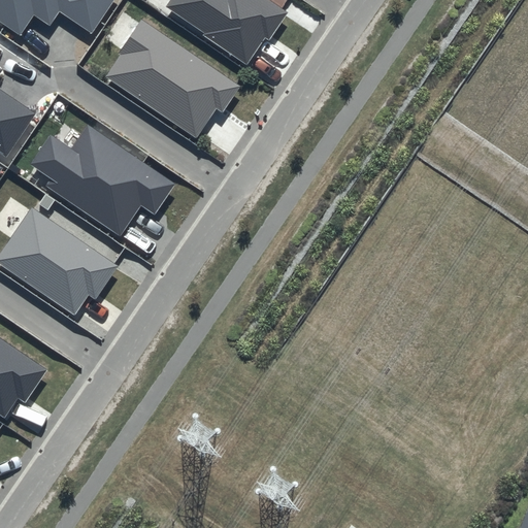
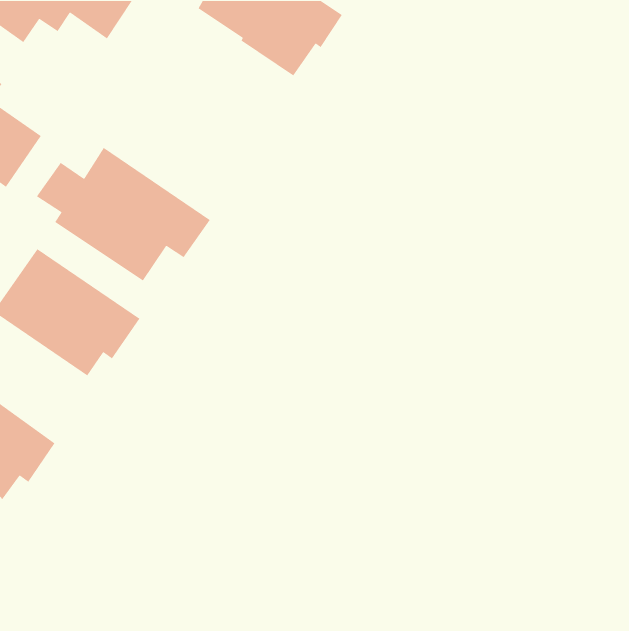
building: [102,20,240,139] -> none

